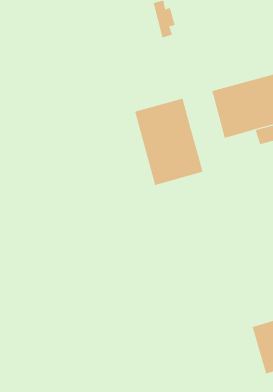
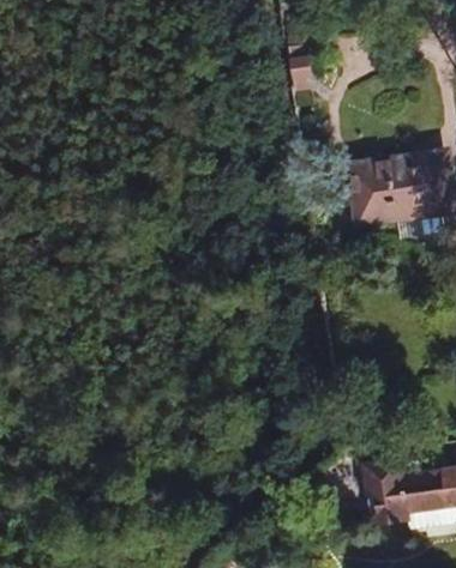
building: [135,98,203,186] -> none

